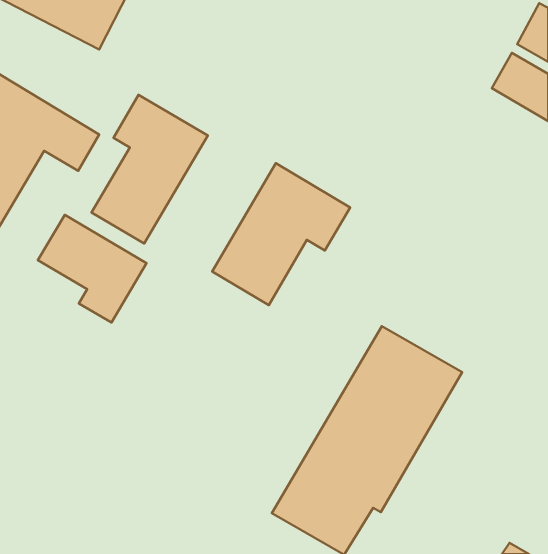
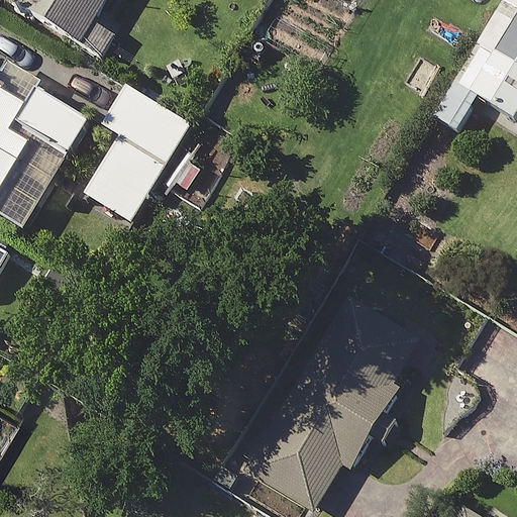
building: [212,163,350,305] -> none
building: [38,215,147,323] -> none

